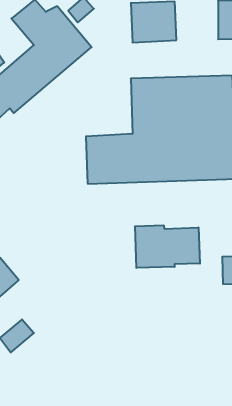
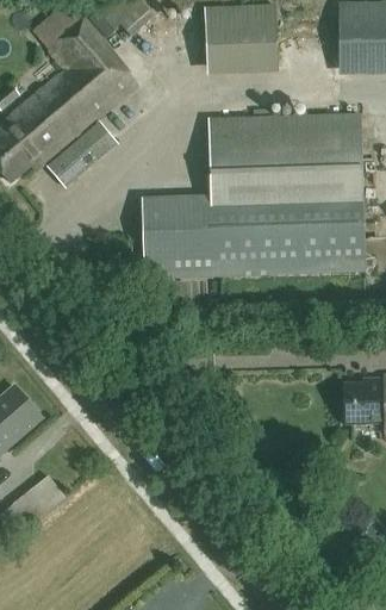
building: none -> [46,120,117,188]
building: [135,225,200,268] -> none

